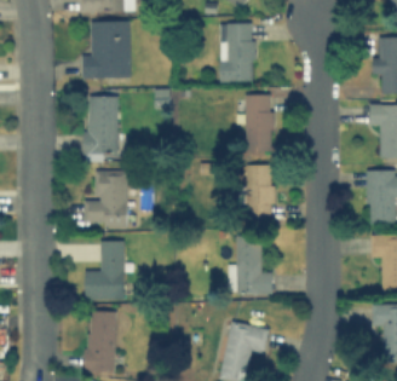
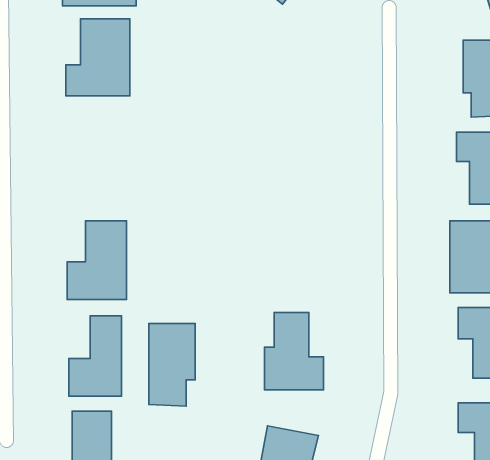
building: [219,23,254,82] -> none
building: [246,96,272,151] -> none
building: [85,97,119,160] -> none
building: [248,164,272,219] -> none
building: none -> [149,323,195,406]

